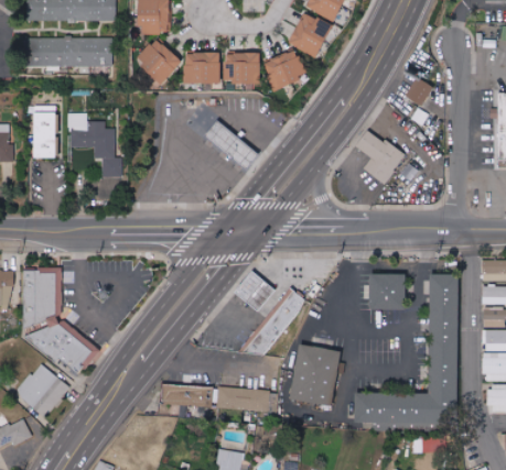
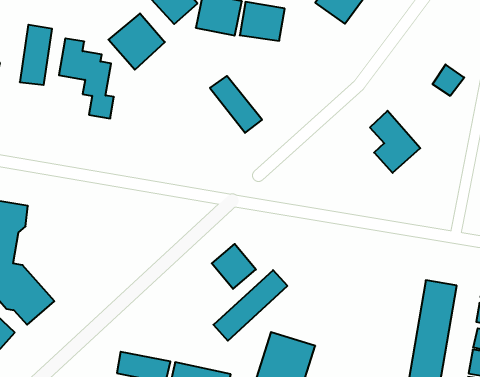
building: [263,46,308,89] -> none
building: none -> [108,13,165,70]
building: [369,273,406,309] -> none

